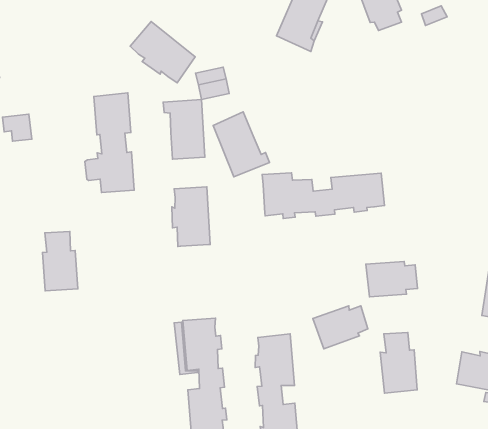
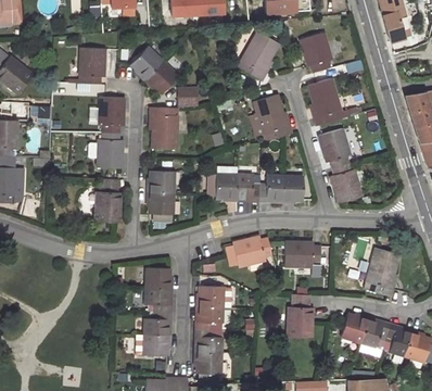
building: none -> [79,48,105,84]
building: none -> [308,77,343,125]
building: none -> [319,128,361,202]
building: [213,112,269,177] -> [254,93,292,140]
building: [43,232,78,291] -> [96,178,120,222]
building: [313,306,368,349] -> [232,236,271,265]

